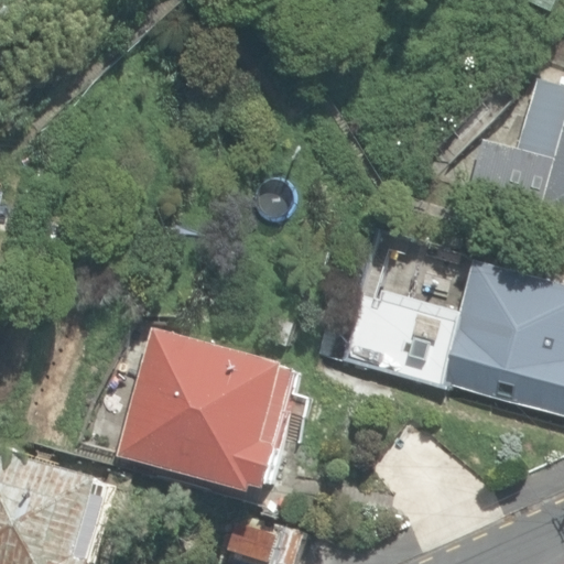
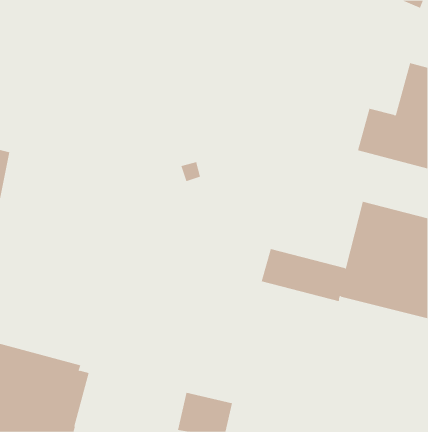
building: [118,326,303,489] -> none

